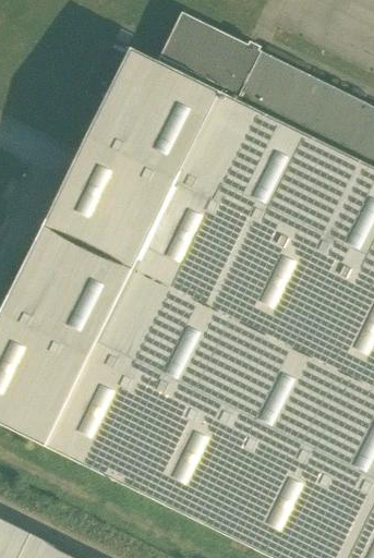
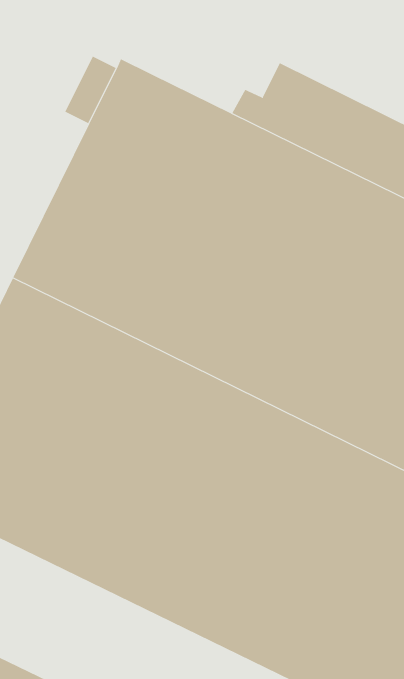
building: [158,13,262,93] -> none

